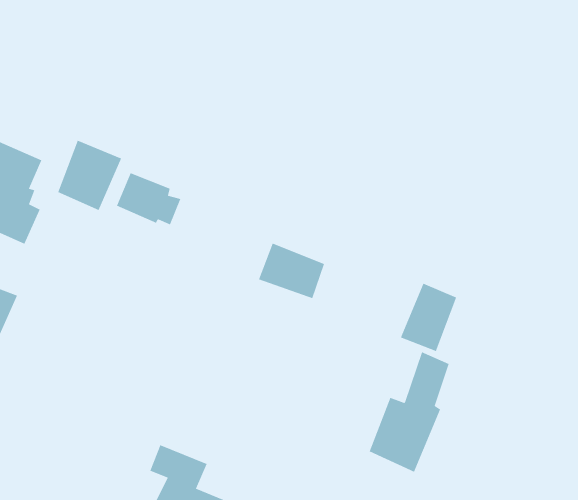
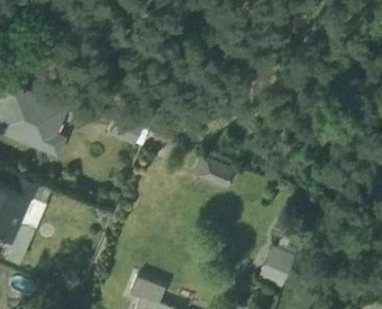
building: [57,140,122,211] -> none
building: [400,283,457,352] -> none

